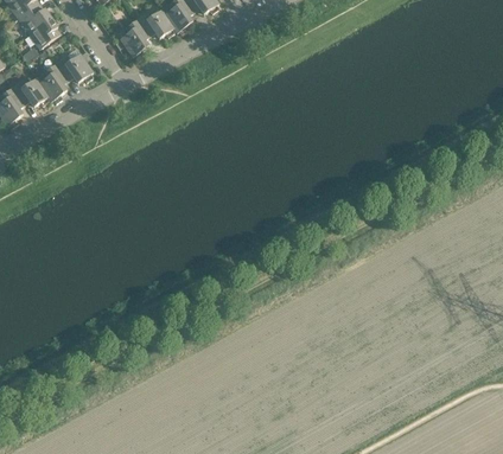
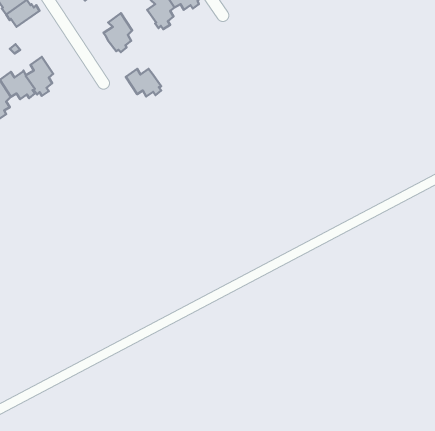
building: [136,9,173,38] -> [126,69,161,96]
building: [28,15,59,49] -> none
building: [55,53,93,83] -> none

